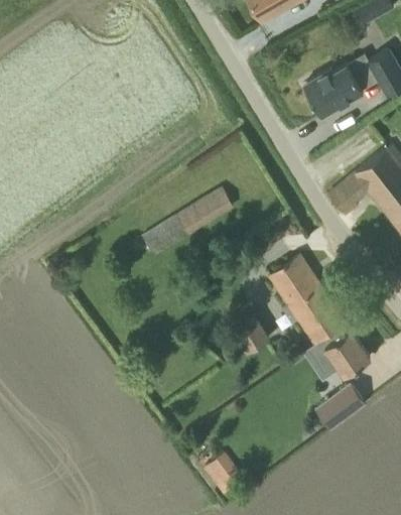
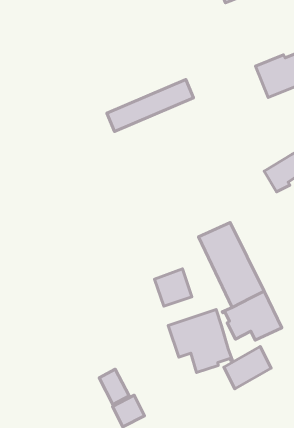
building: [142,189,232,255] -> [107,80,194,131]
building: none -> [168,309,233,372]
building: none -> [99,369,129,405]

